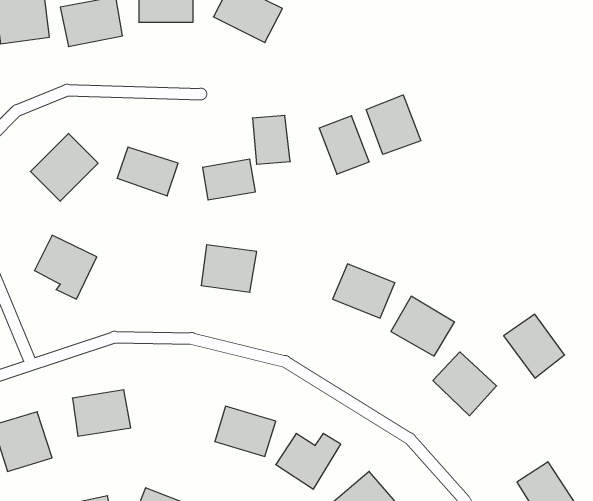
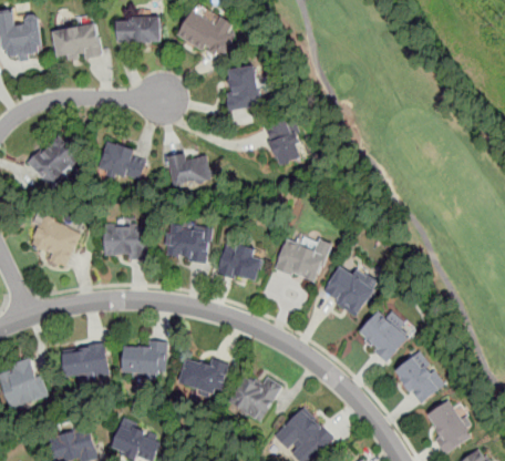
building: [366,95,421,154] -> none
building: [252,115,290,164] -> [226,69,257,109]
building: none -> [103,222,146,257]
building: none -> [216,246,261,283]
building: [504,314,565,378] -> [393,352,443,404]
building: none -> [122,342,166,372]

